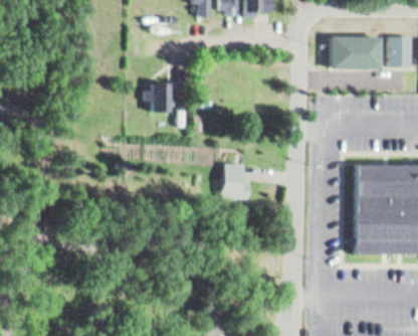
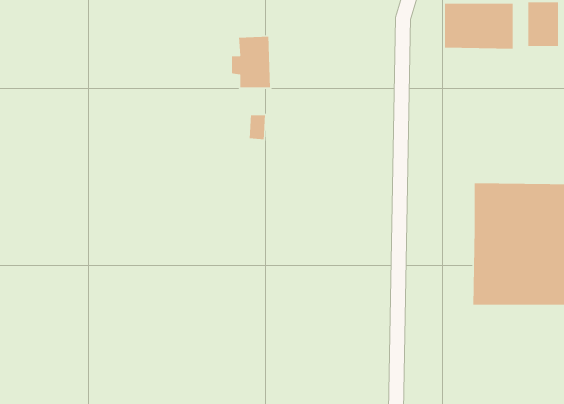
building: [146,76,174,114] -> [231,36,271,88]
building: [219,162,249,199] -> none

